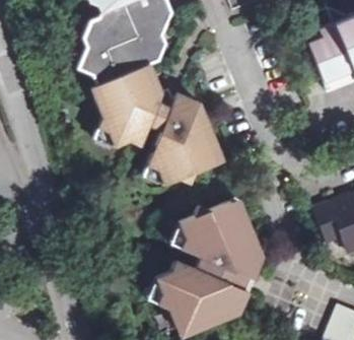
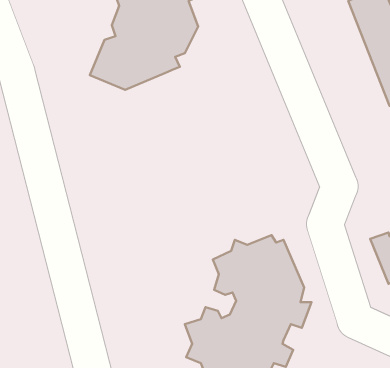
building: [95,66,222,185] -> none

